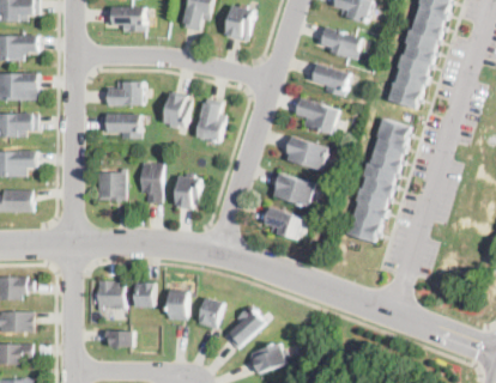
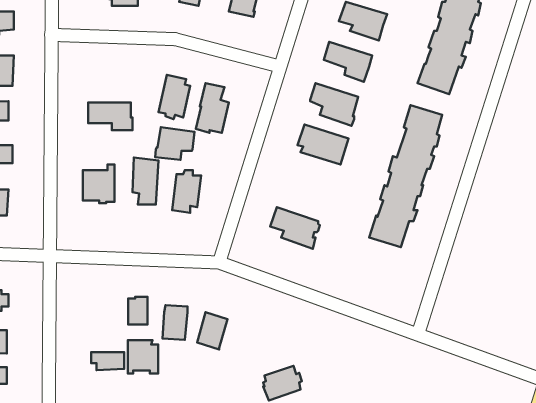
building: [108,83,144,107] -> none
building: none -> [155,127,195,160]
building: [273,174,314,206] -> none
building: [96,281,122,310] -> [128,340,158,373]
building: [225,305,266,351] -> none

